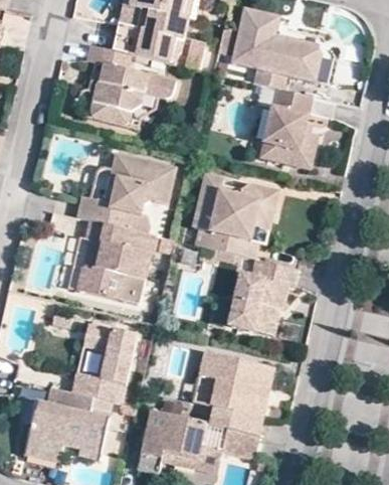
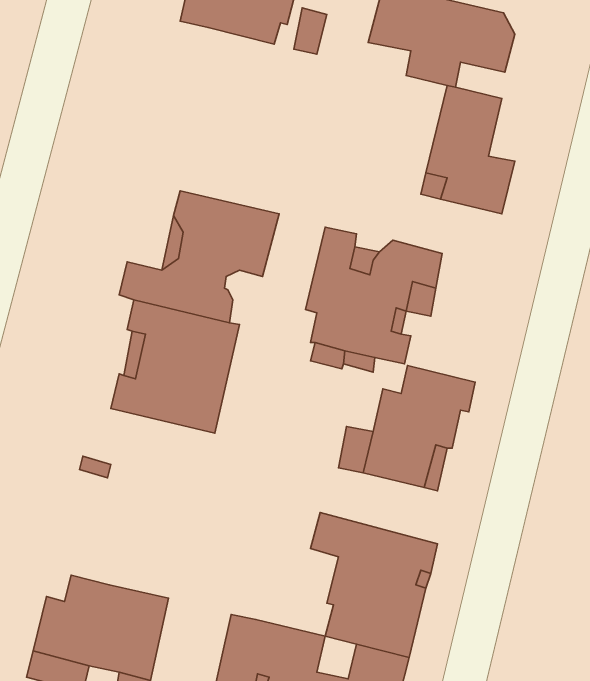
building: [90,43,177,117] -> none
building: [73,322,137,403] -> none

